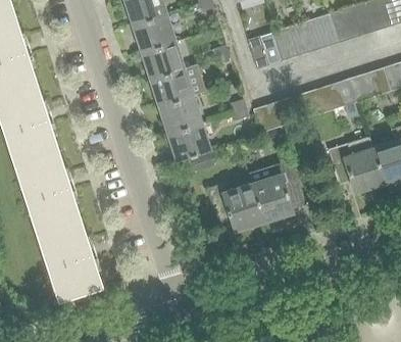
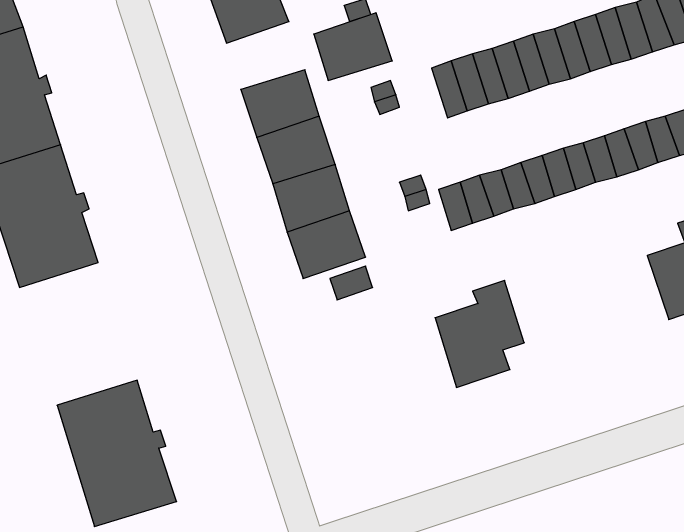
building: [132,13,177,52] -> [314,13,392,80]
building: [327,142,385,193] -> none
building: [13,151,81,233] -> none
building: [207,183,263,232] -> none

